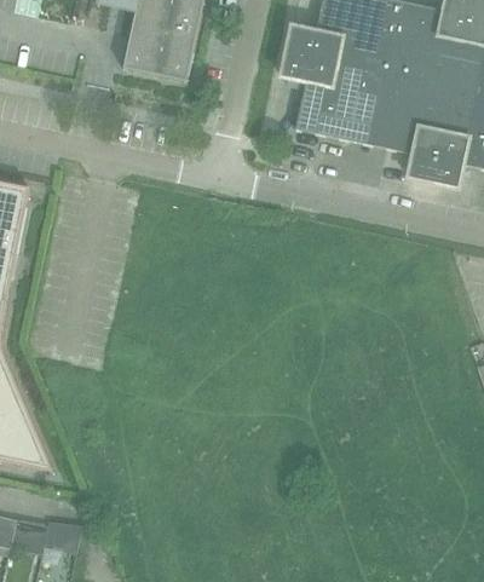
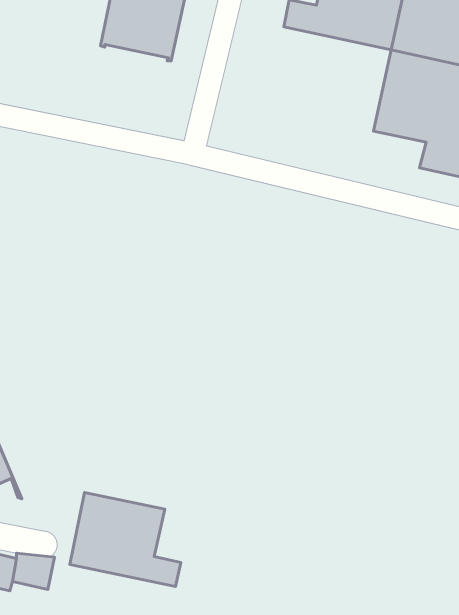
building: [281,51,381,144] -> none
building: none -> [70,493,181,587]

